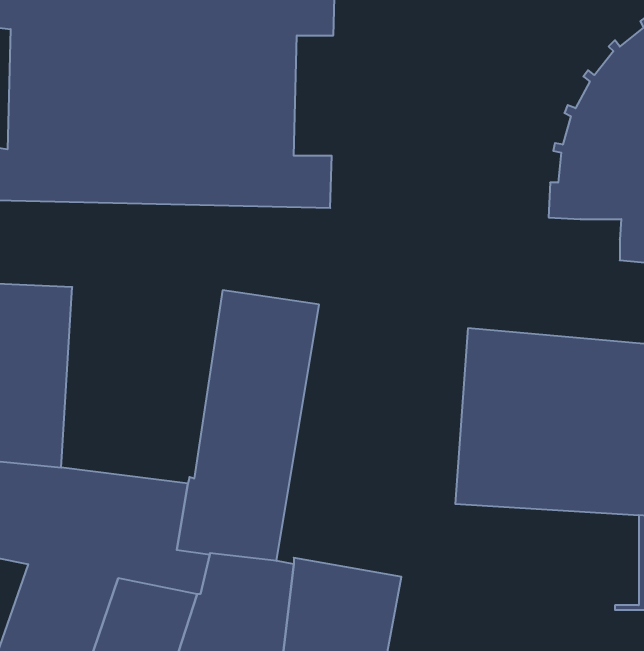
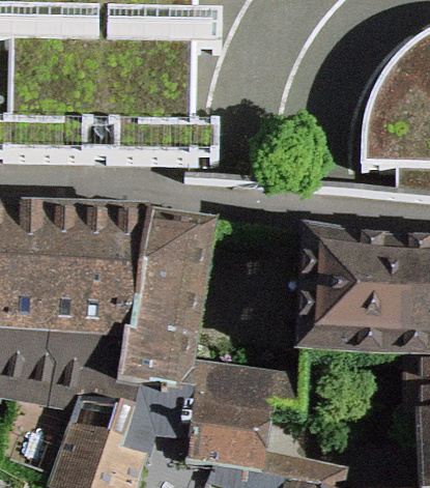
building: none -> [42,205,148,334]

